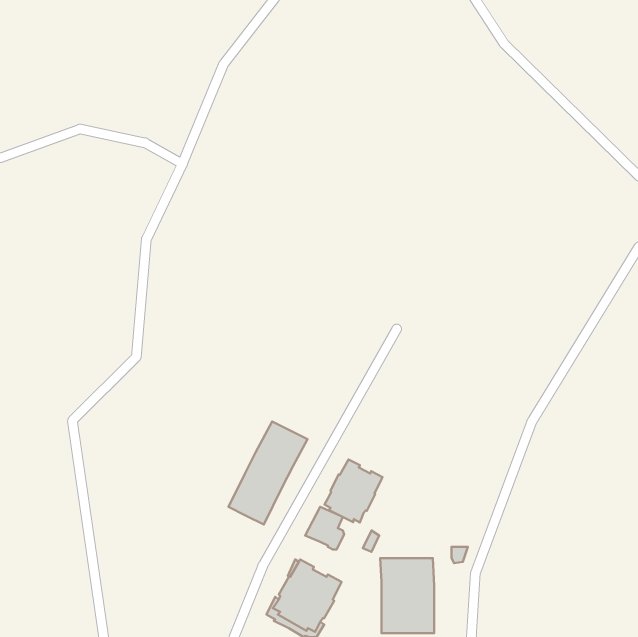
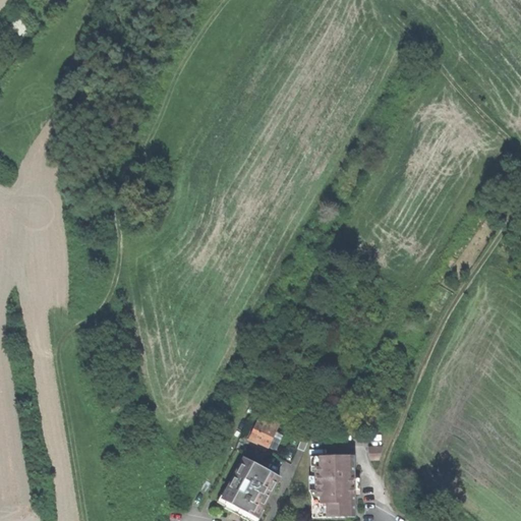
building: [228,421,307,525] -> none
building: [324,459,383,522] -> none

